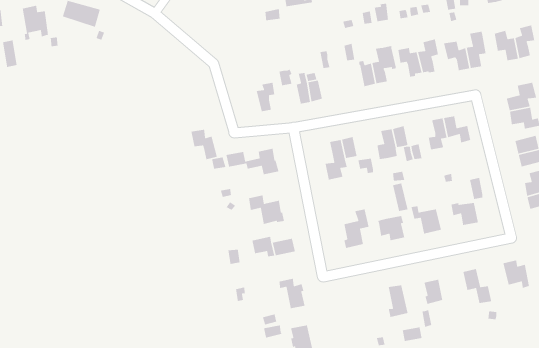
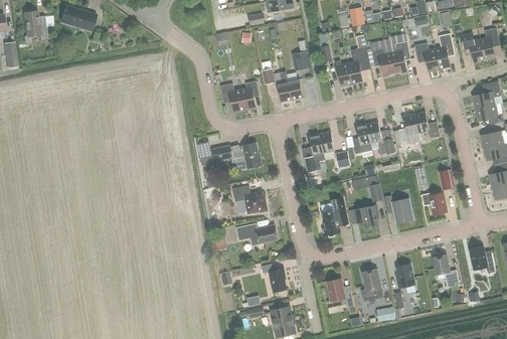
building: [191,129,218,160] -> [219,82,244,112]
building: none -> [325,278,353,308]

